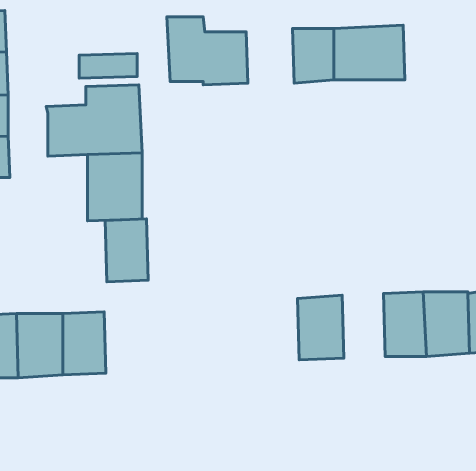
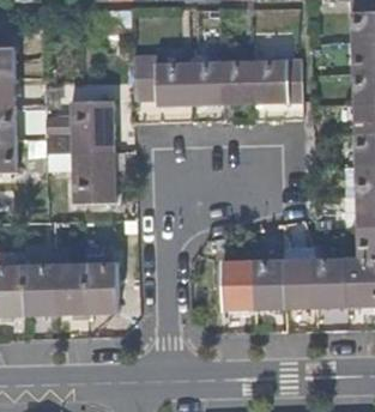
building: none -> [189,62,224,102]
building: [105,219,148,282] -> [86,266,117,311]
building: none -> [259,254,290,301]

